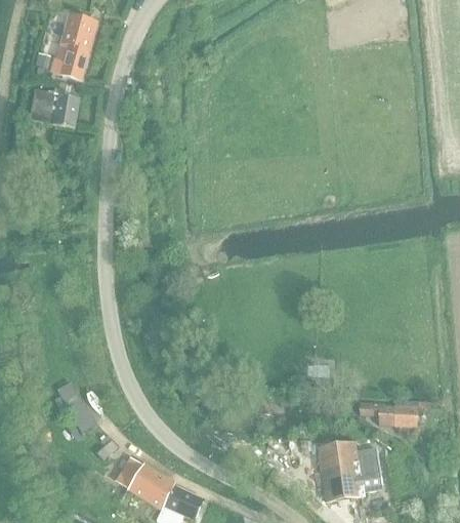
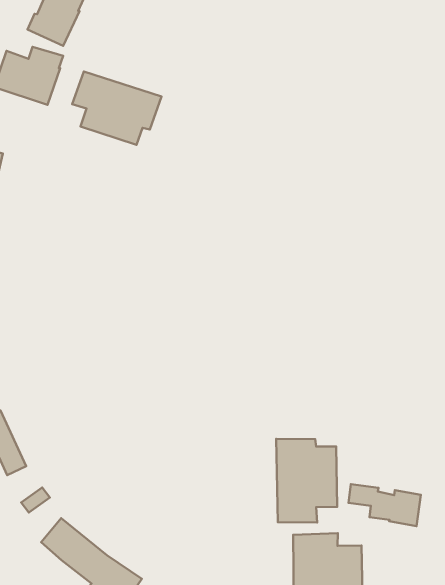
building: none -> [72,71,161,145]
building: none -> [276,439,337,523]

